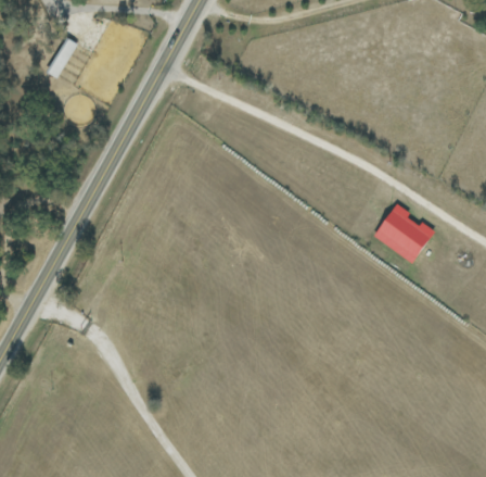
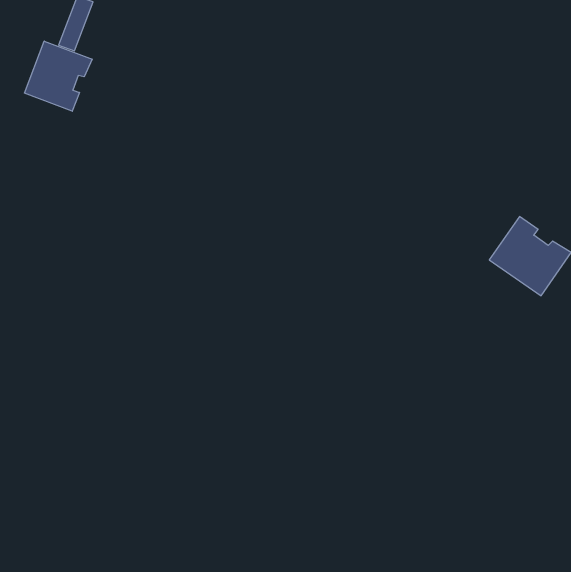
building: none -> [24,41,92,111]

